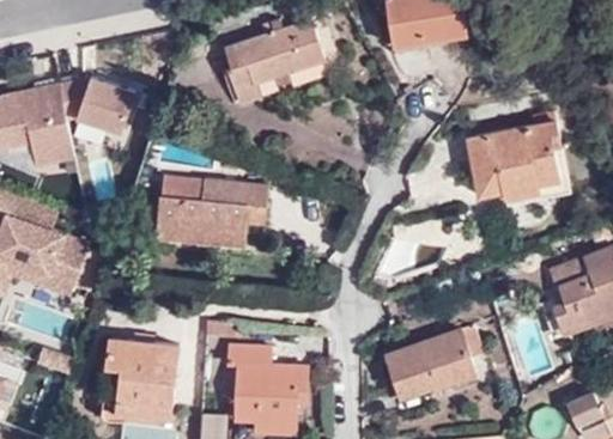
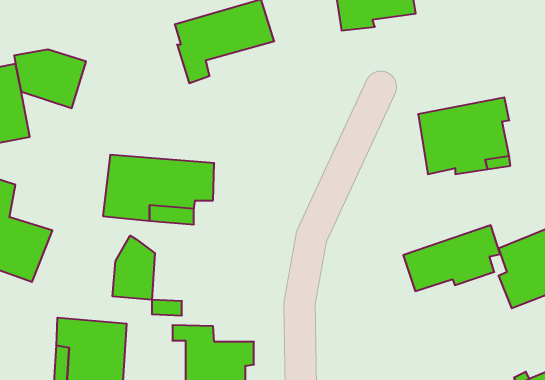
building: none -> [113,236,155,300]
building: [387,325,484,391] -> [403,225,500,291]

